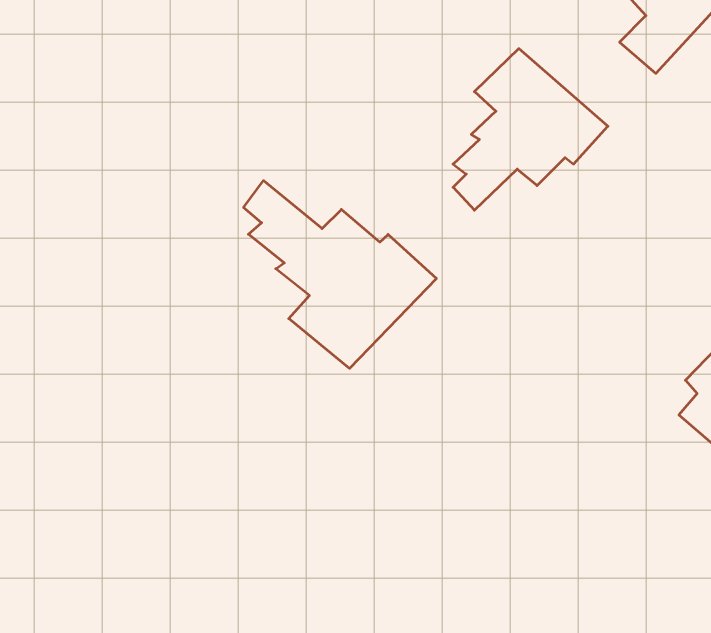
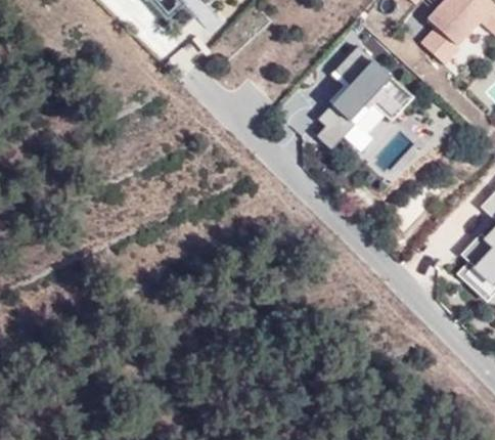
building: [244,181,436,368] -> none

